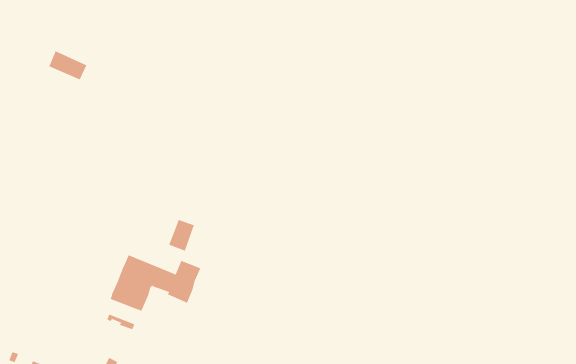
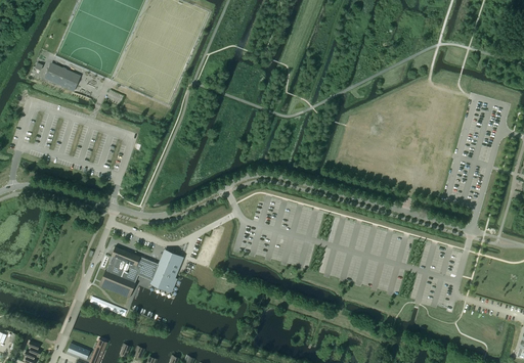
building: [168,219,194,252] -> none

